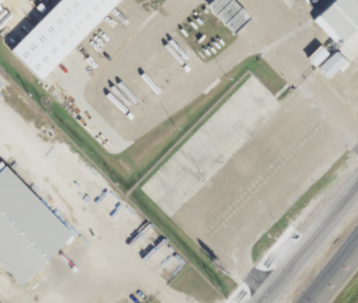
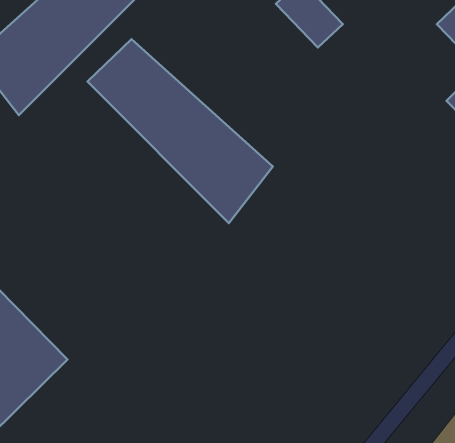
building: none -> [87,39,273,223]

